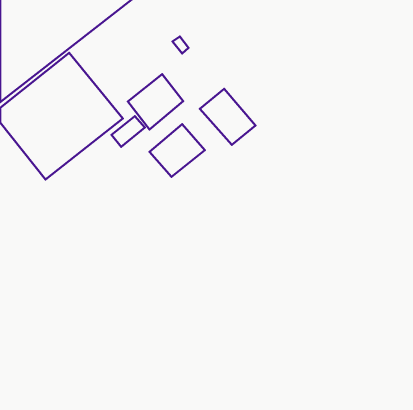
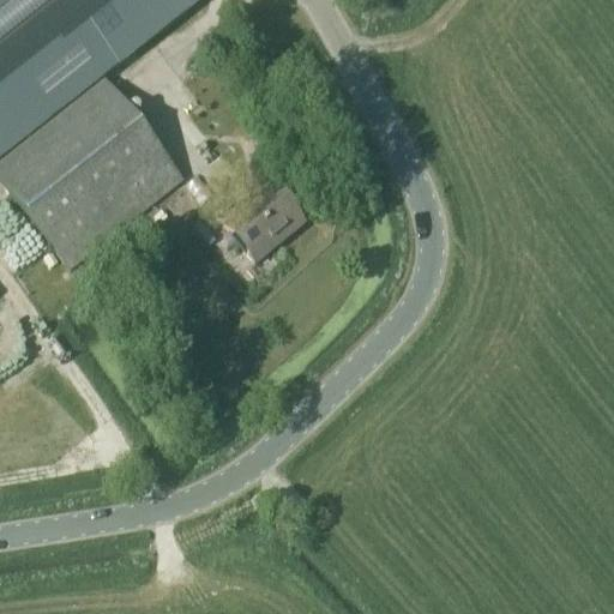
building: [128,74,183,129] -> none
building: [200,89,255,145] -> none

